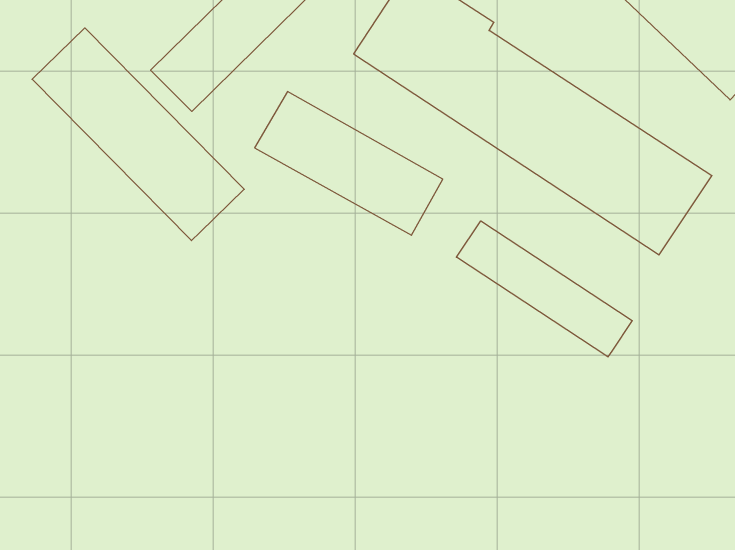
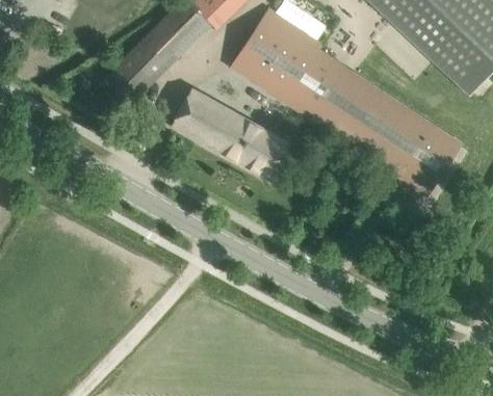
building: [32,28,244,241] -> none
building: [456,221,632,357] -> none

